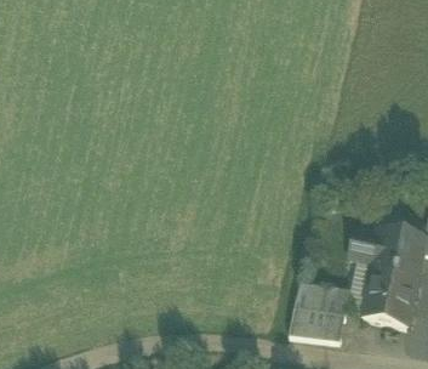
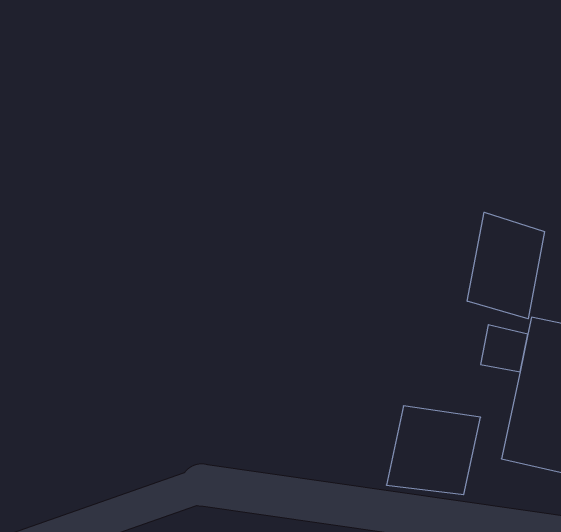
building: none -> [467,212,544,319]

